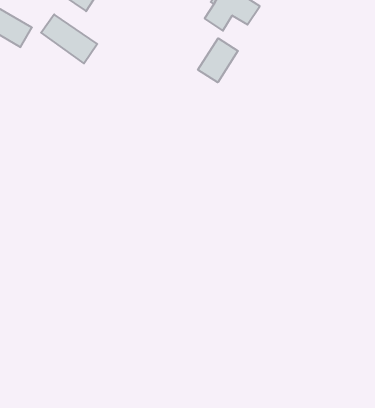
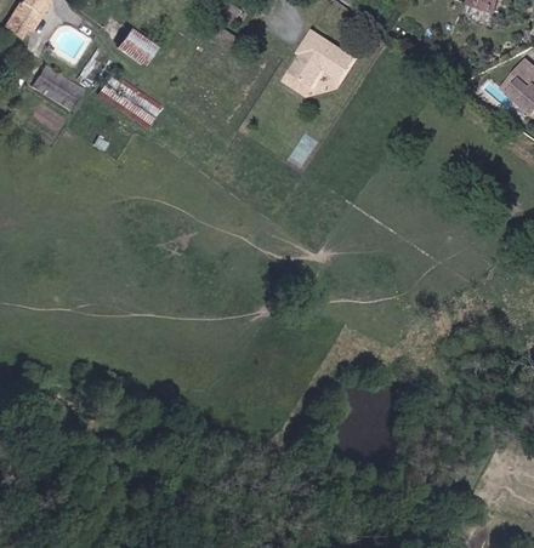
building: [198,38,238,82] -> none

